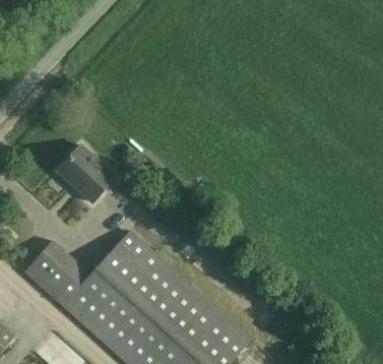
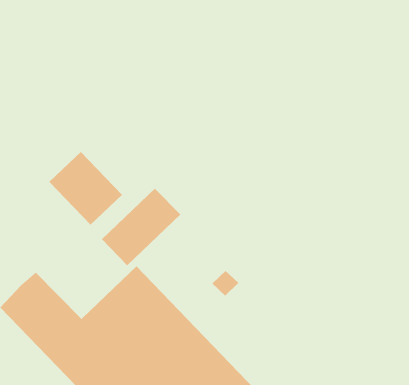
building: none -> [101,188,181,266]

